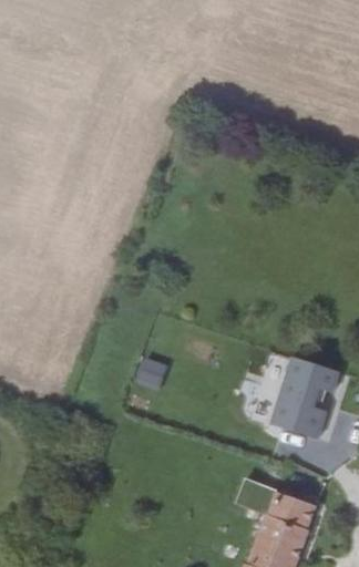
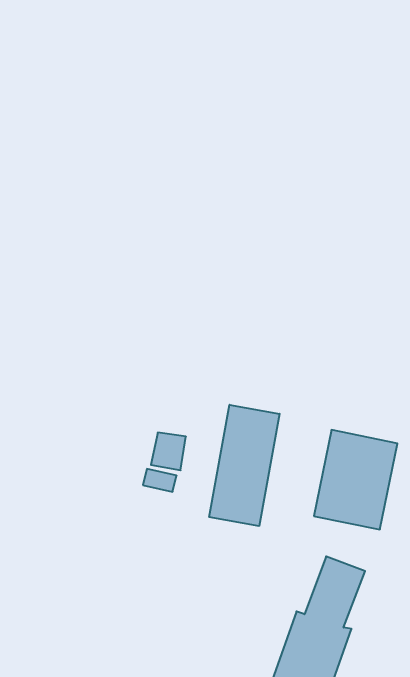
building: none -> [209,405,280,526]

